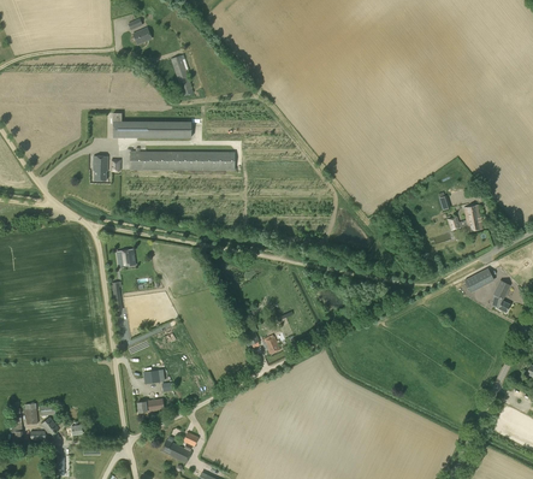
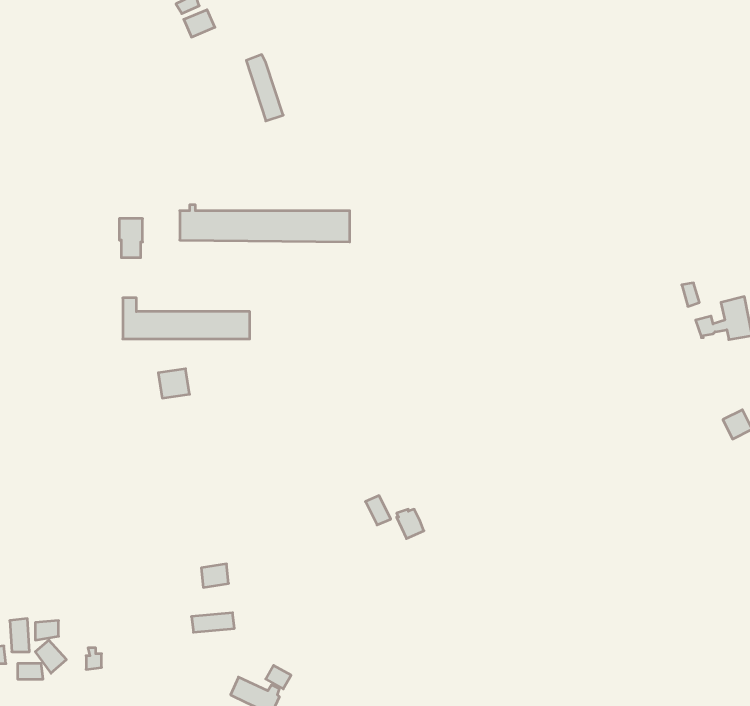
building: [113,113,191,138] -> [123,298,250,339]

